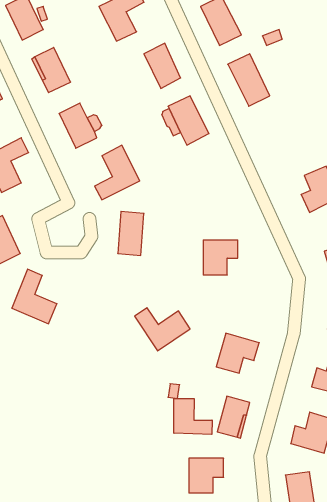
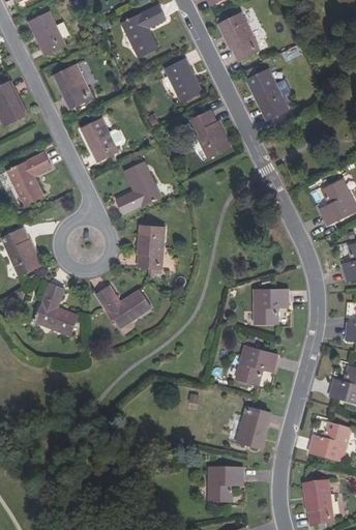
building: [203,240,238,275] -> [255,290,289,324]
building: [135,308,190,351] -> [97,286,152,328]
building: [174,399,212,434] -> none

